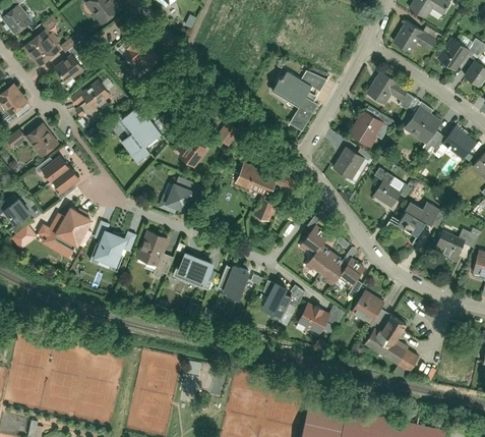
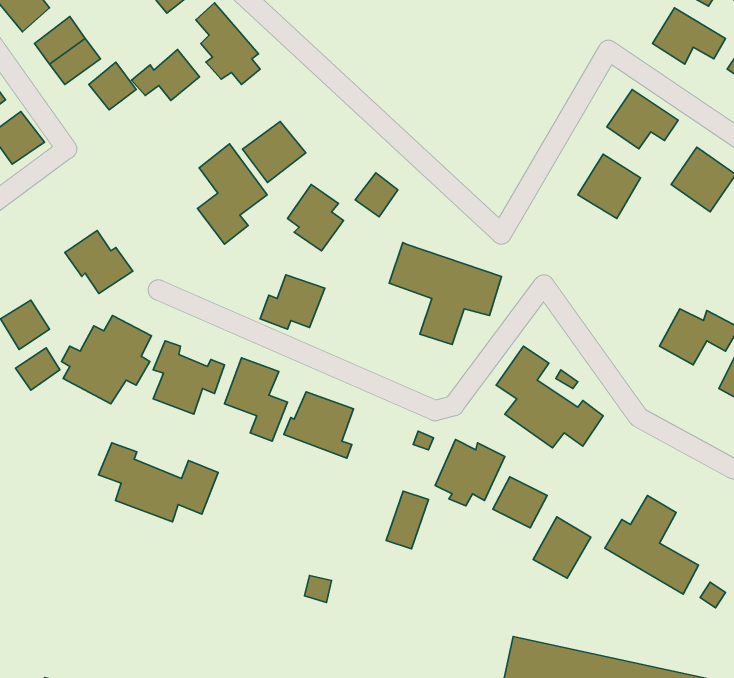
building: [271,68,326,131] -> none
building: [70,79,111,110] -> [132,50,200,101]
building: none -> [242,122,306,182]
building: [6,121,59,158] -> none
building: [331,145,366,180] -> none
building: [373,168,403,208] -> none
building: [224,264,249,298] -> [386,491,429,549]
building: none -> [99,443,218,522]
building: [351,289,385,326] -> [533,517,591,578]

